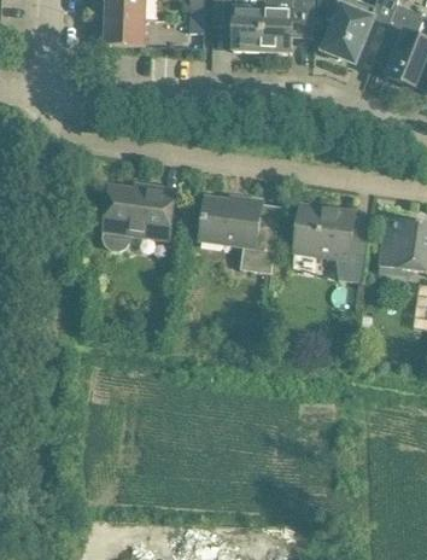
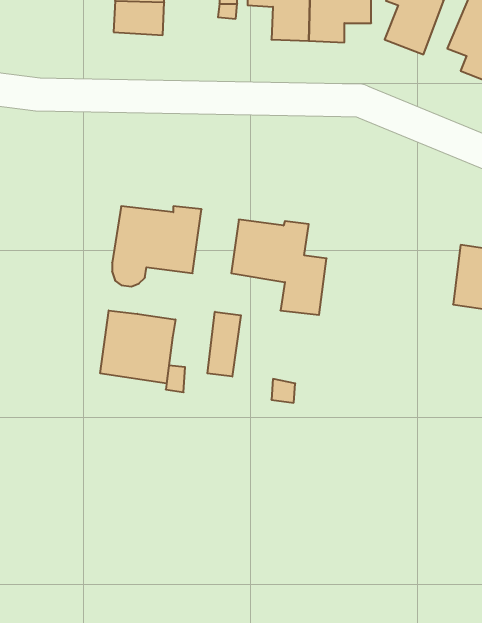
building: [293,204,368,281] -> none
building: none -> [100,310,175,383]
building: none -> [207,312,241,377]

